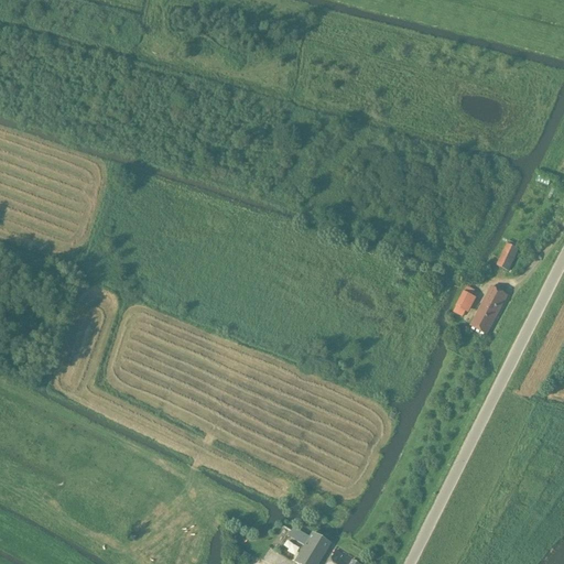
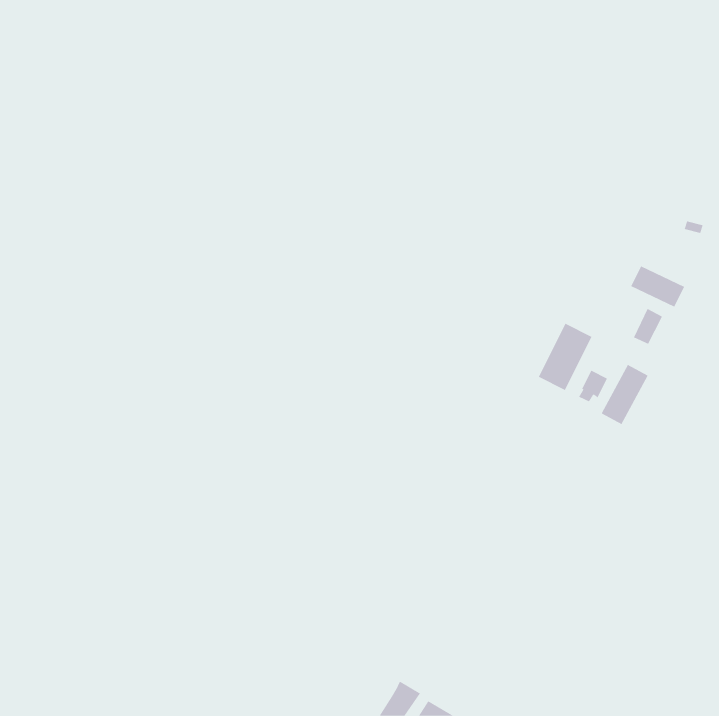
building: none -> [631,265,685,307]
building: none -> [538,323,592,391]

